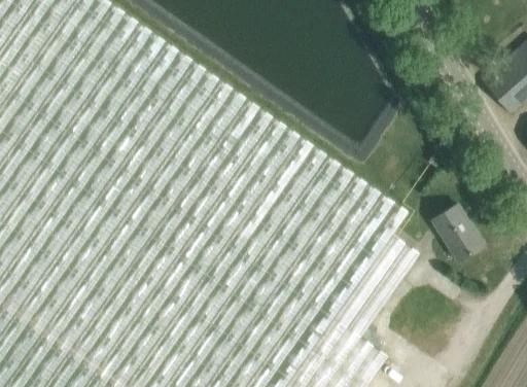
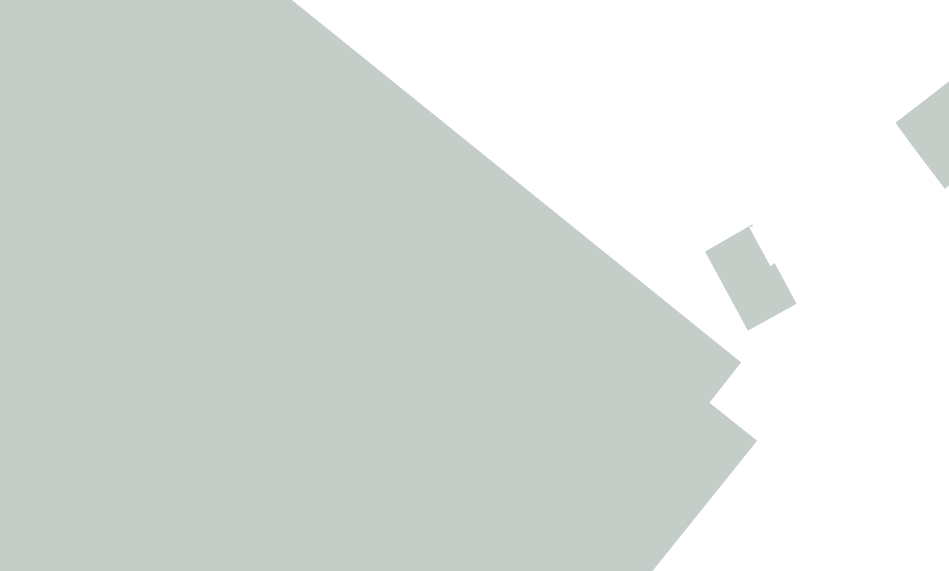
building: [432,204,484,261] -> [704,224,797,332]

